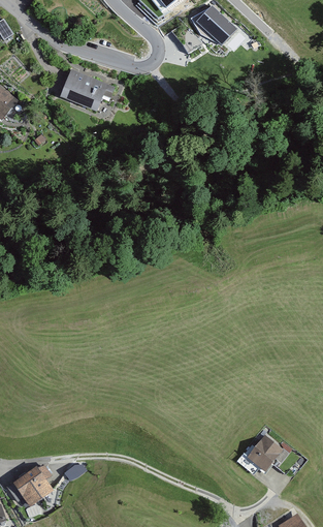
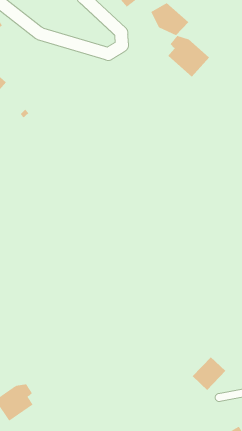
building: none -> [168,35,210,77]
building: [54,67,114,114] -> none

